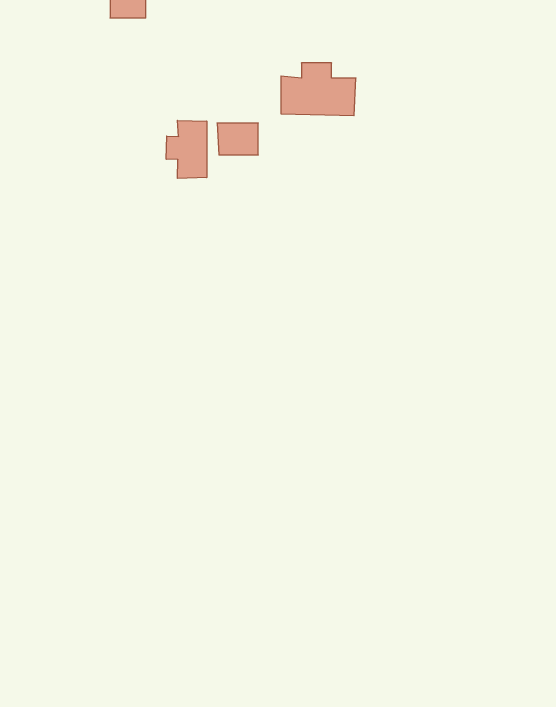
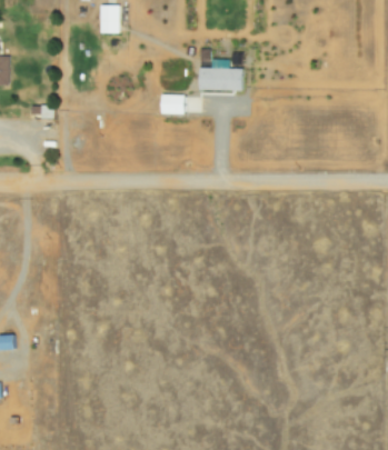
building: [166,120,207,178] -> none

